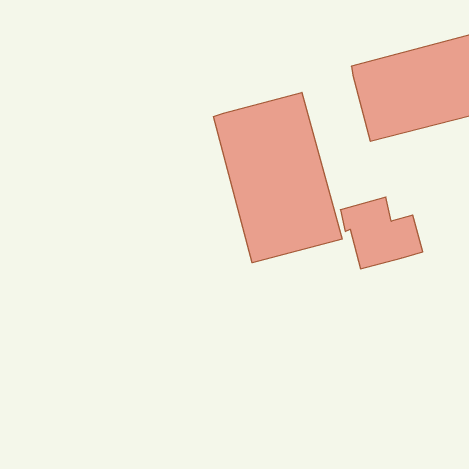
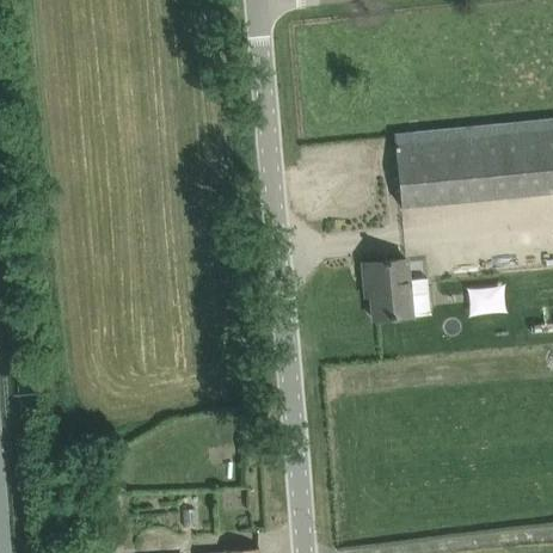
building: [213,92,342,263] -> none

